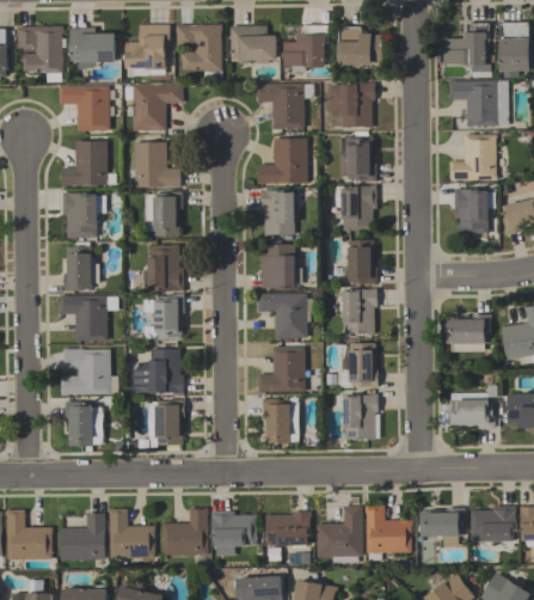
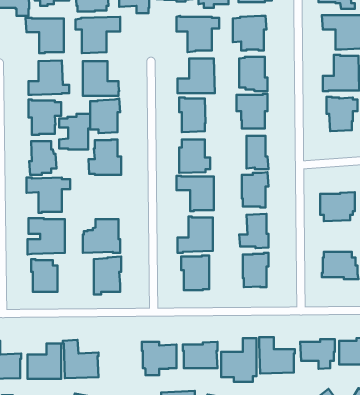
building: [143,293,184,339] -> [59,114,90,149]
building: [161,507,208,555] -> none

